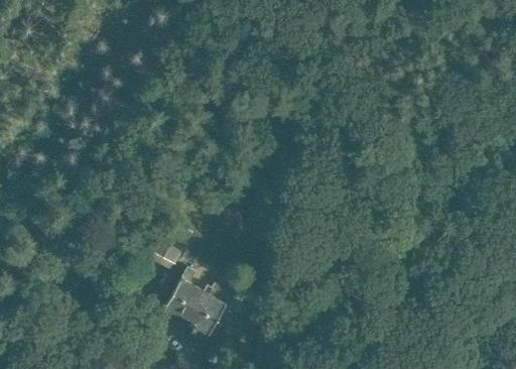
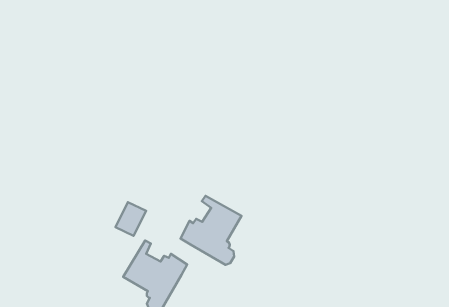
building: none -> [180,196,242,265]

